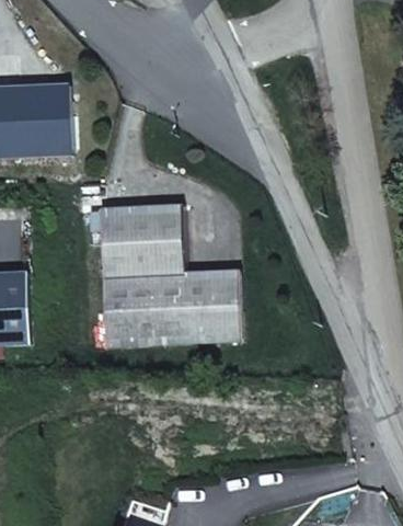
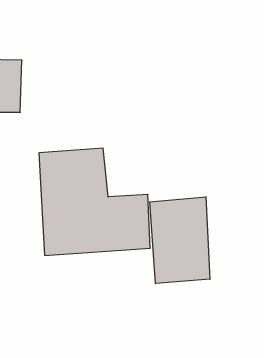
building: none -> [150,197,210,284]

